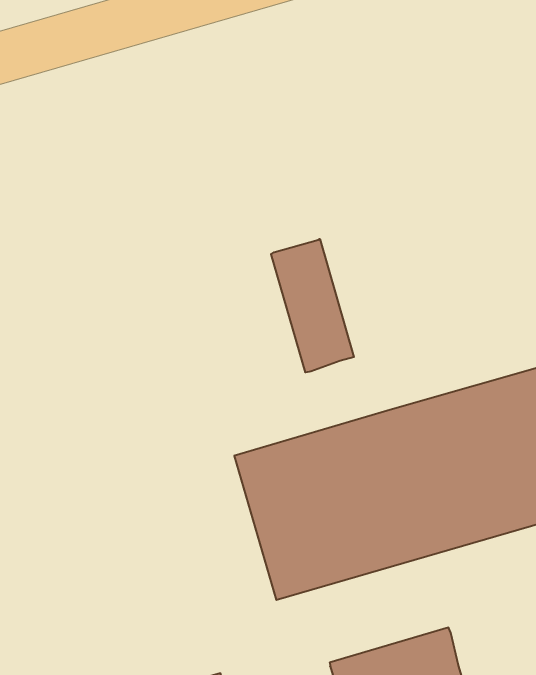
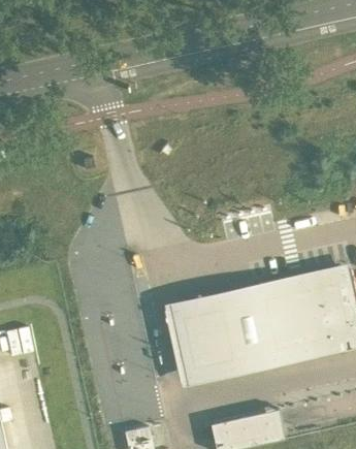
building: [271,239,354,372] -> none

